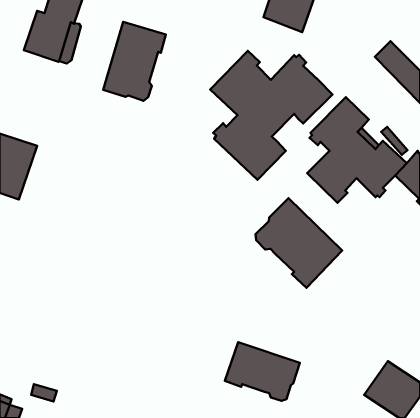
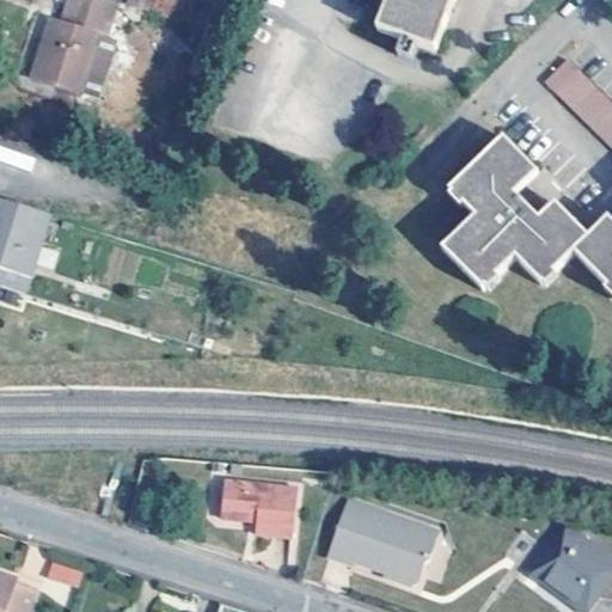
building: [103,22,166,101] -> none
building: [210,51,332,180] -> none
building: [255,198,342,288] -> none
building: none -> [224,478,293,540]

